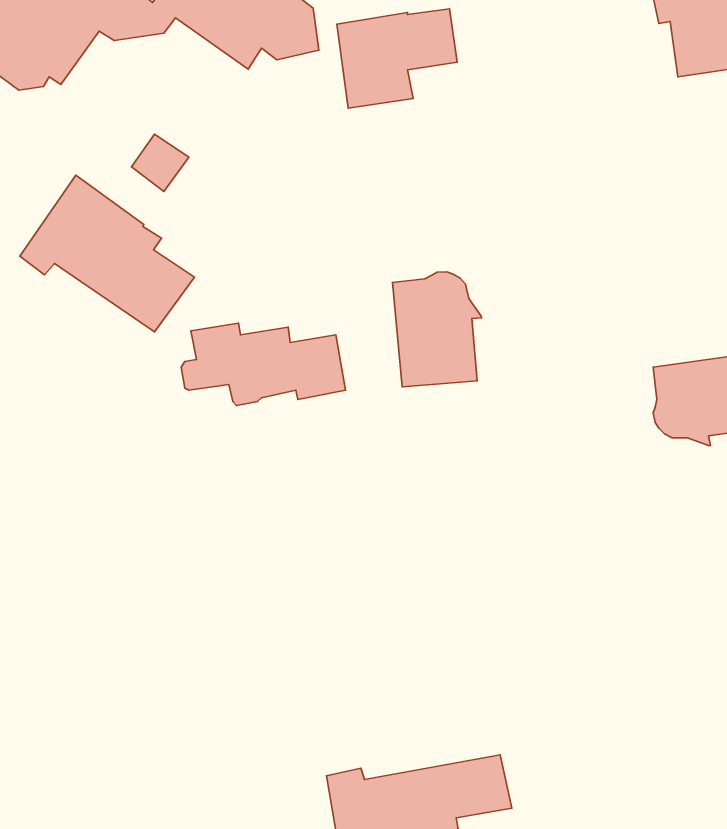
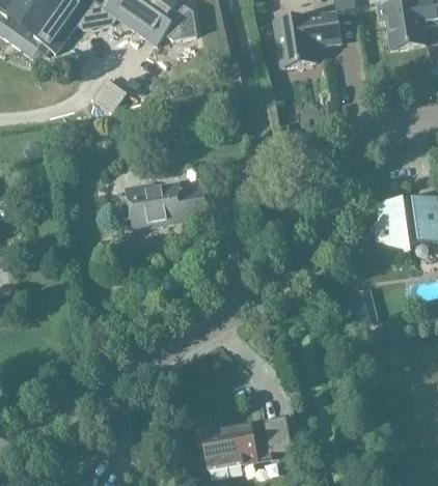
building: [337,9,457,108] -> [275,12,340,66]
building: [20,175,195,332] -> none
building: [392,272,482,387] -> none

